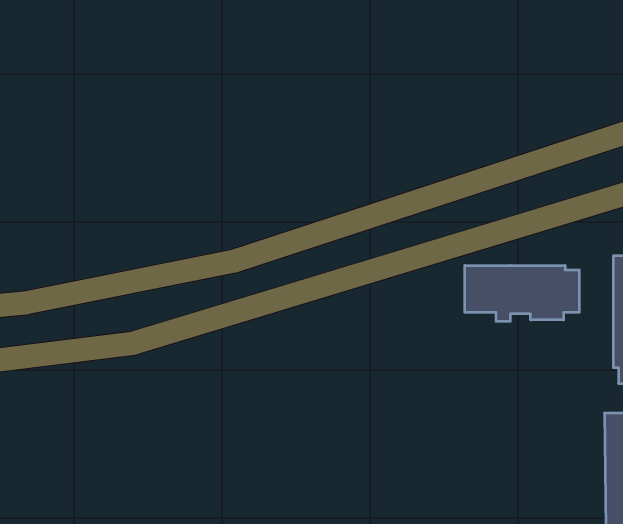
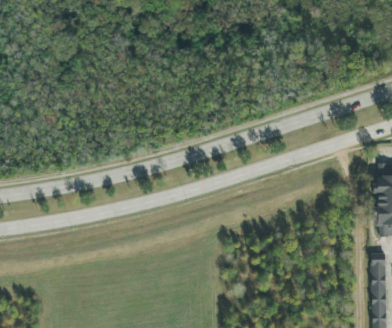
building: [465,265,579,321] -> none

